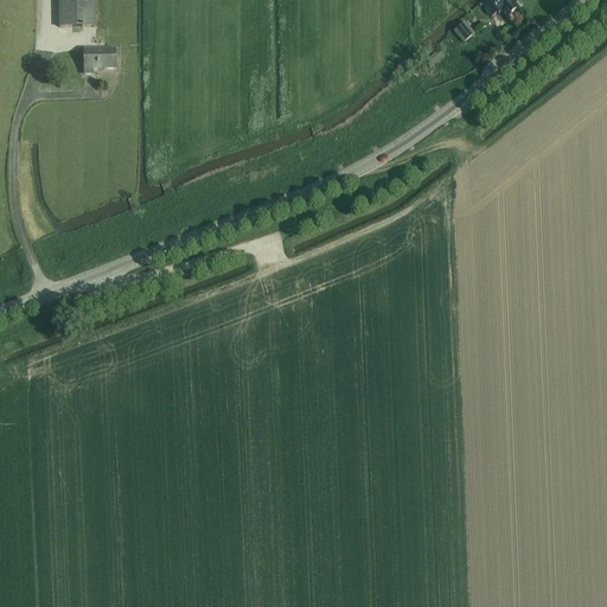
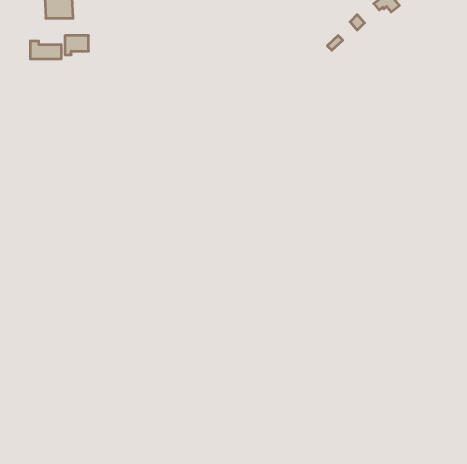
building: none -> [30,41,61,59]

